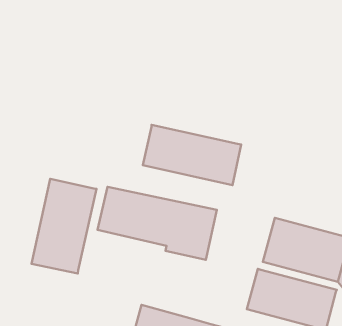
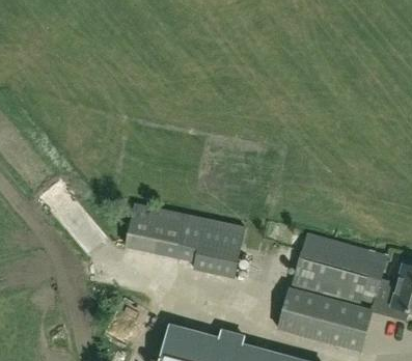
building: [143,125,241,185] -> none
building: [31,179,96,274] -> none

